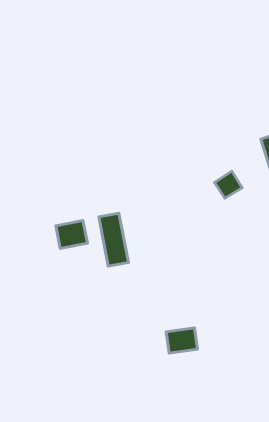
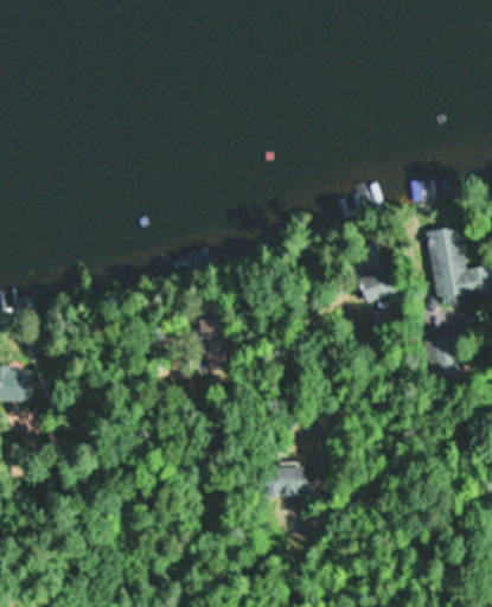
building: [56,220,87,249] -> none

